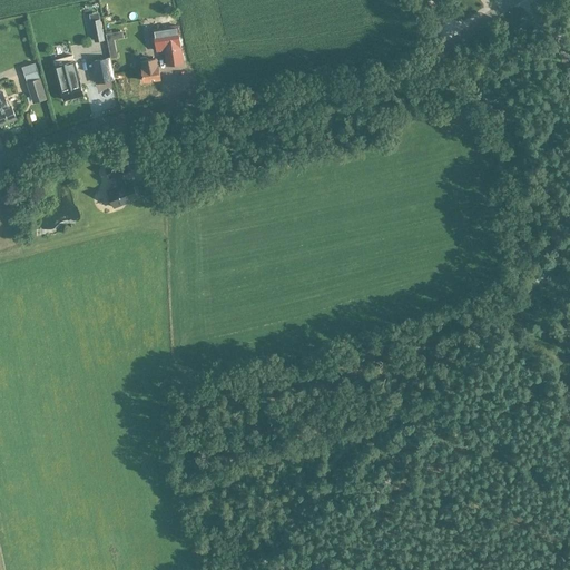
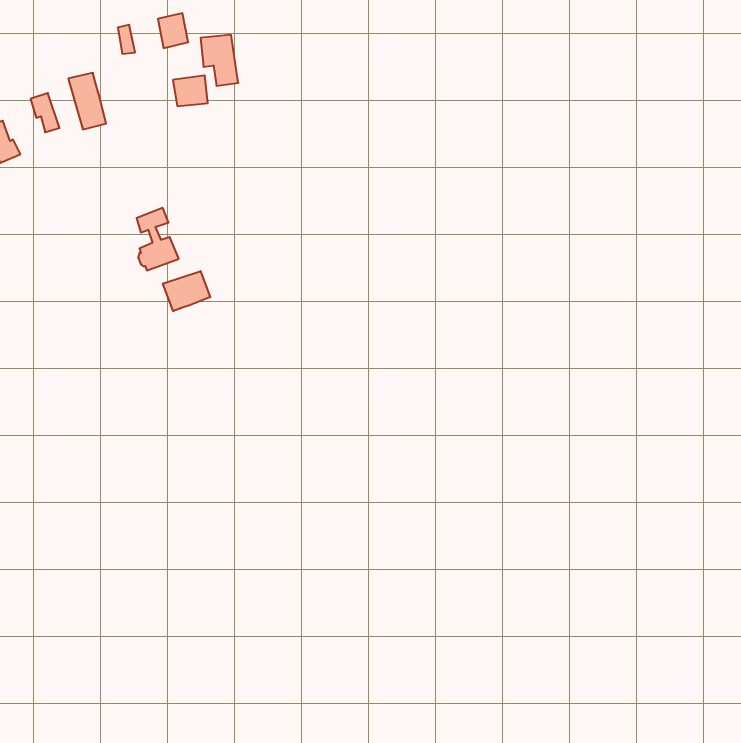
building: [90,57,114,83] -> [158,13,188,48]
building: none -> [163,271,210,311]

